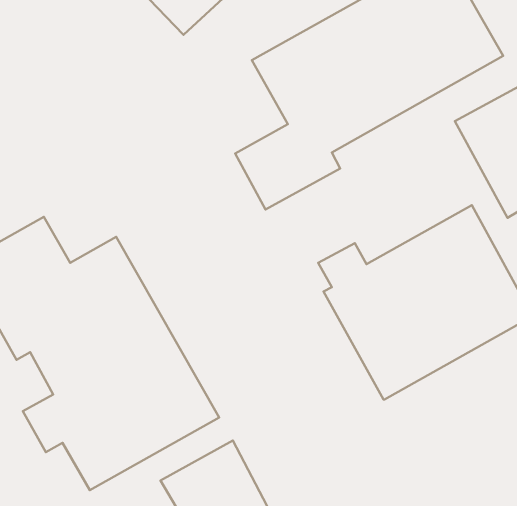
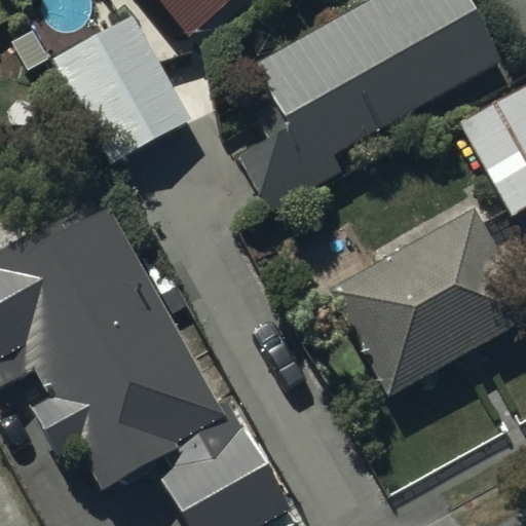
building: none -> [53,13,192,164]

